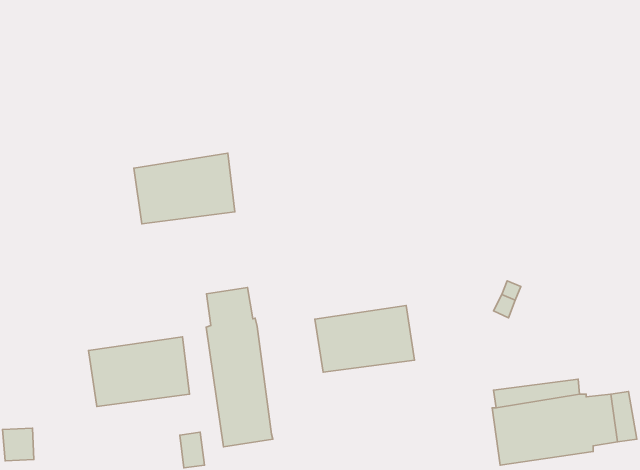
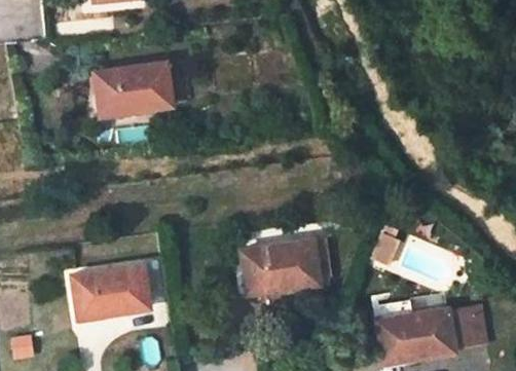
building: [134,153,235,224] -> [95,64,171,117]
building: [206,288,273,447] -> none

